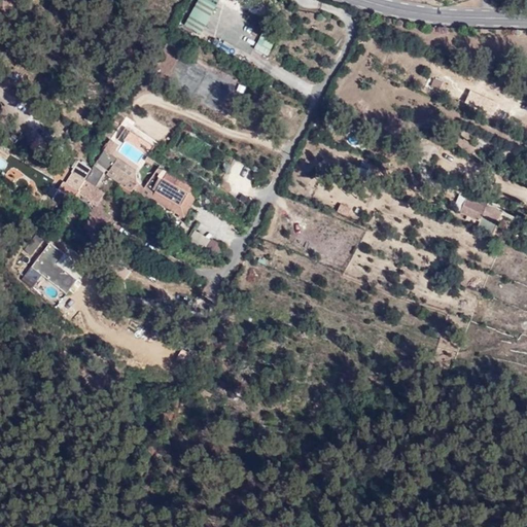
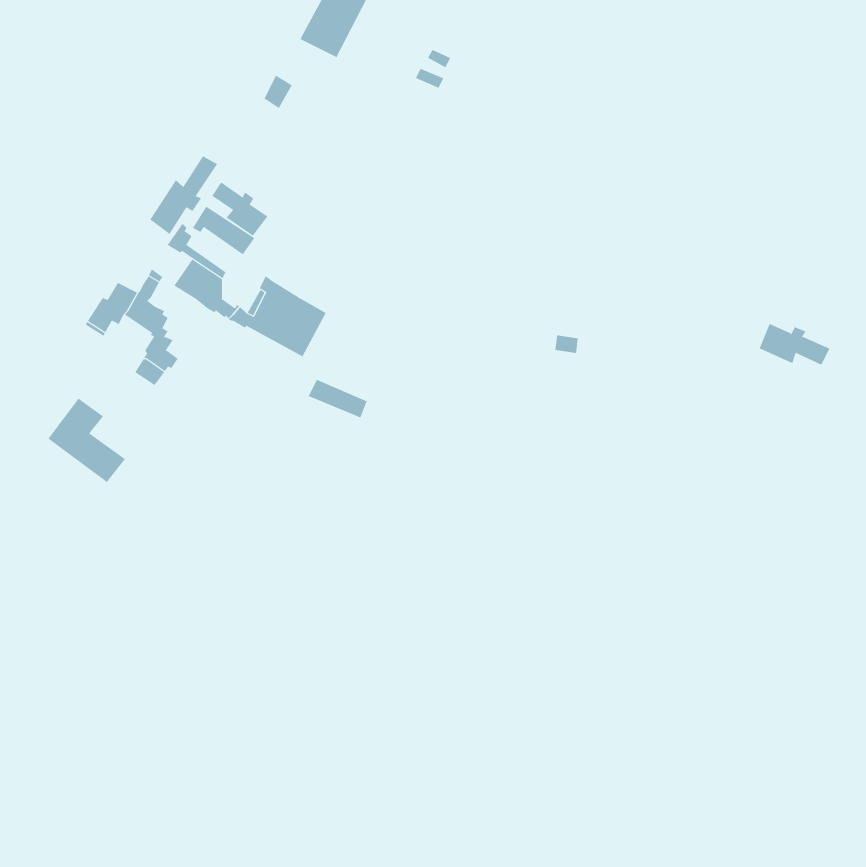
building: none -> [149,155,218,235]
building: none -> [212,181,268,237]

